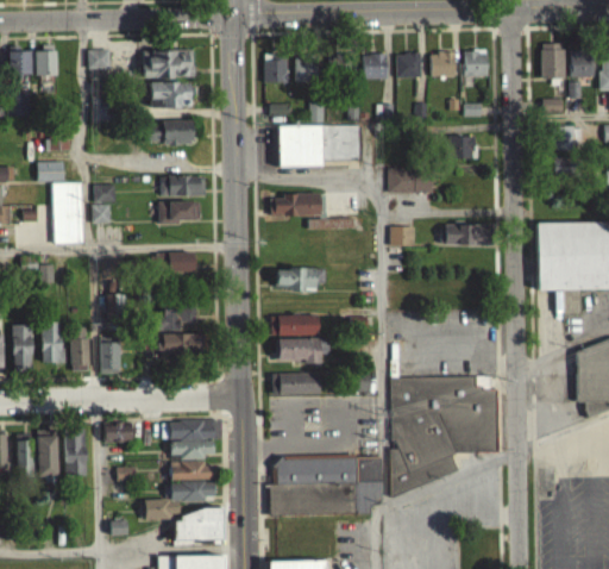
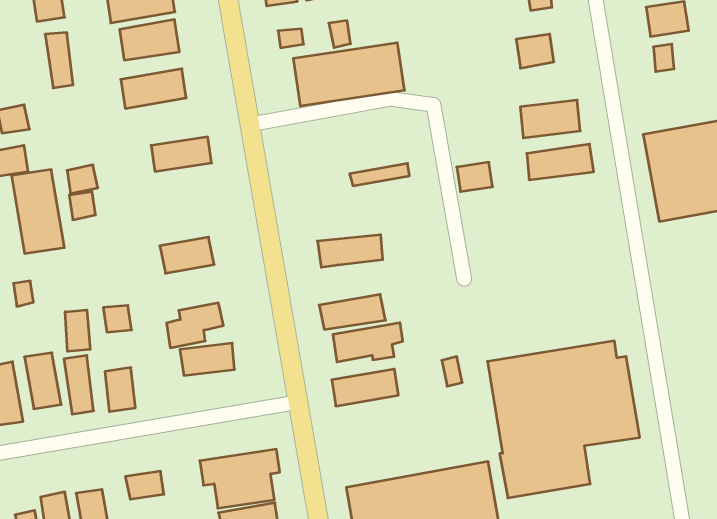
building: [389,168,434,193] -> [520,100,580,138]
building: [271,194,328,215] -> none
building: [159,201,201,221] -> none
building: none -> [65,310,90,351]

